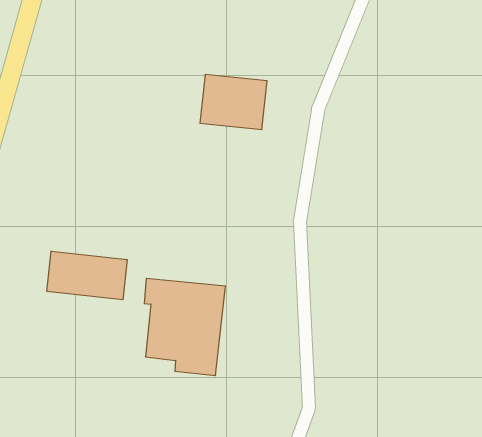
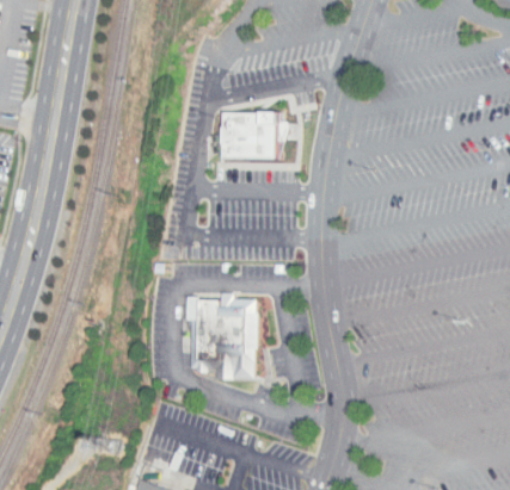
building: [47,251,127,300] -> none

